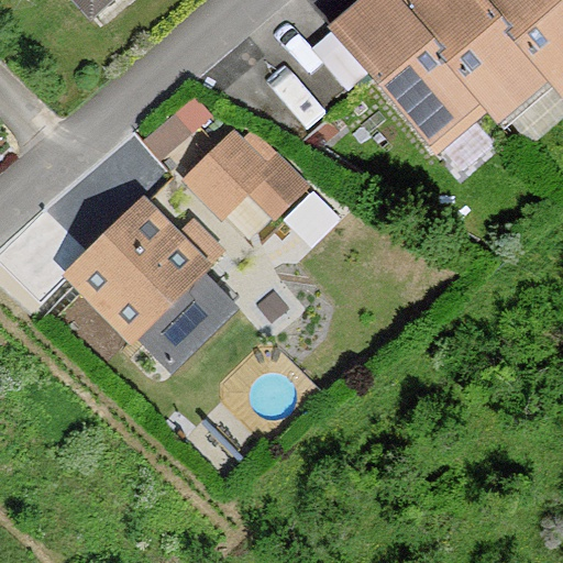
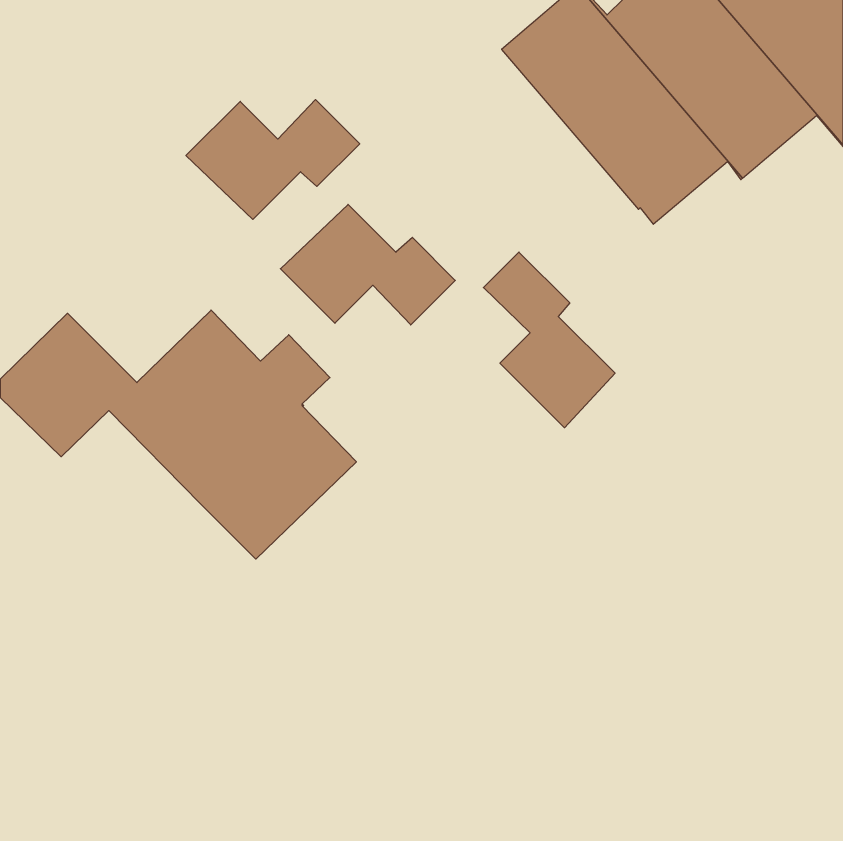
building: none -> [186,100,360,219]
building: none -> [483,252,615,428]

